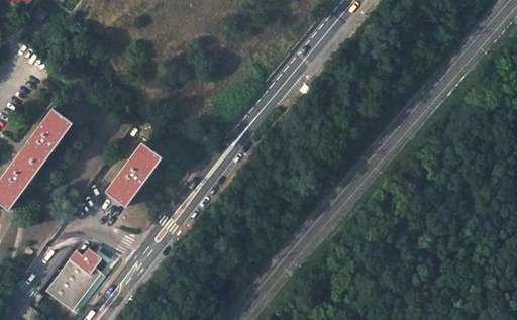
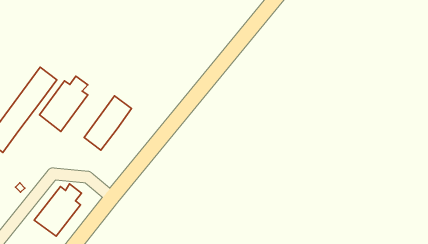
building: none -> [40,76,88,131]

